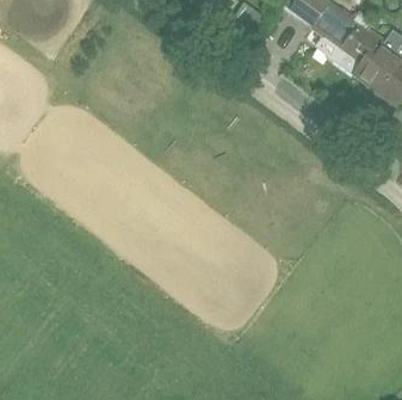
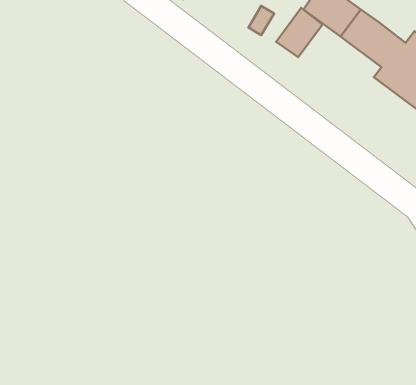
building: none -> [276,8,322,57]

